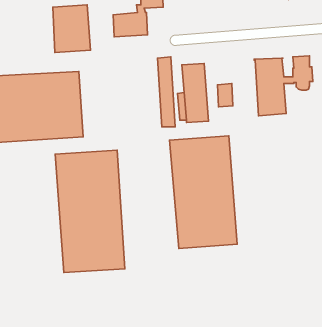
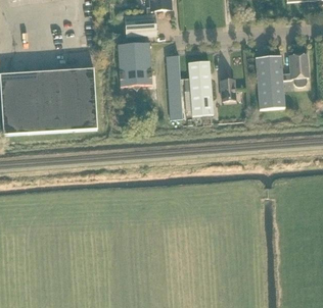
building: [53,5,90,53] -> [118,42,152,86]
building: [169,136,237,248] -> none
building: [55,150,125,273] -> none

